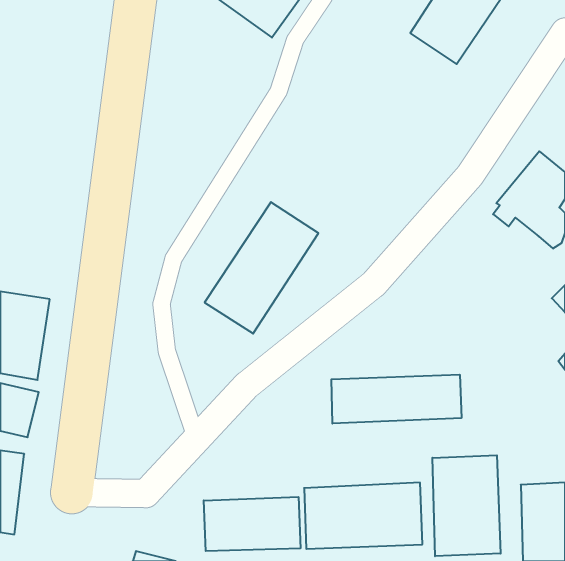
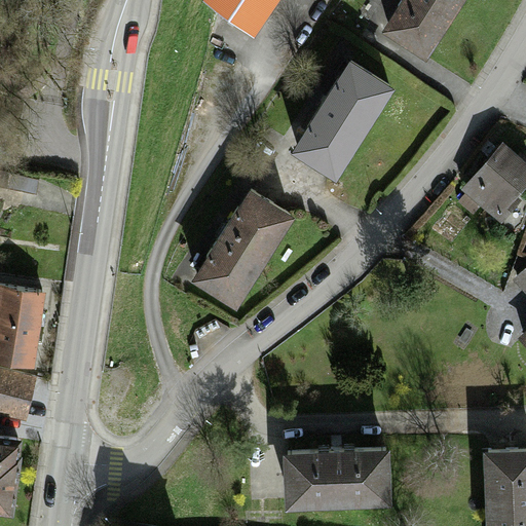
building: none -> [290,60,394,183]
building: [331,375,461,424] -> none
building: [432,455,501,556] -> none
building: [204,497,300,551] -> none

